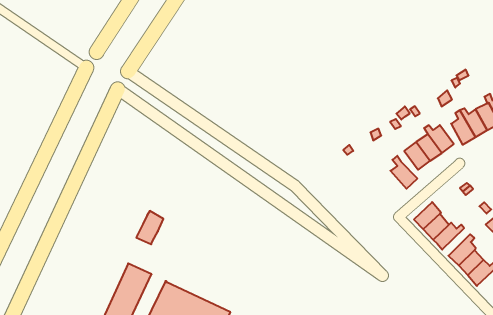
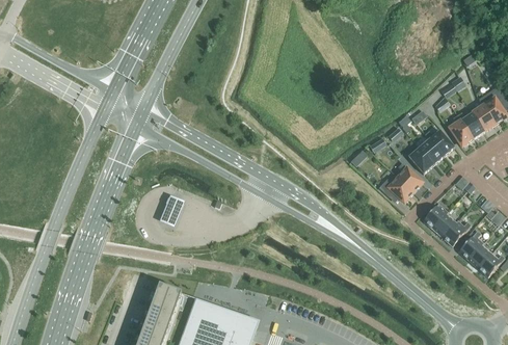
building: none -> [378,177,412,202]
building: [136,211,163,244] -> [159,192,183,223]

